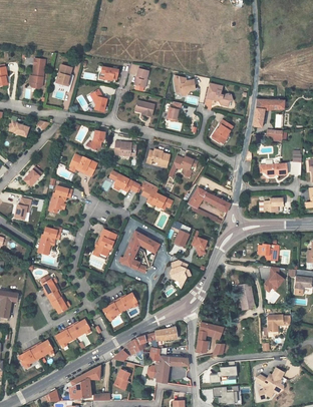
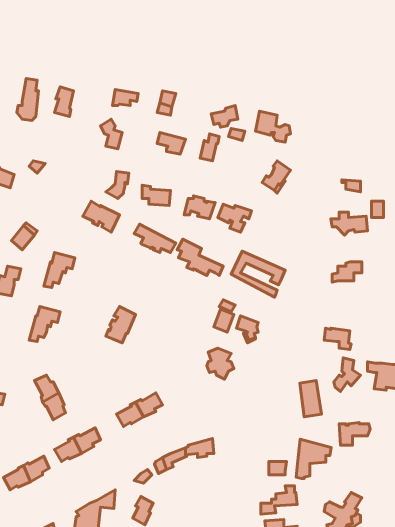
building: [255,97,288,125] -> none
building: [120,230,159,274] -> none
building: [197,323,223,352] -> [296,439,331,478]
building: [153,358,188,382] -> none

